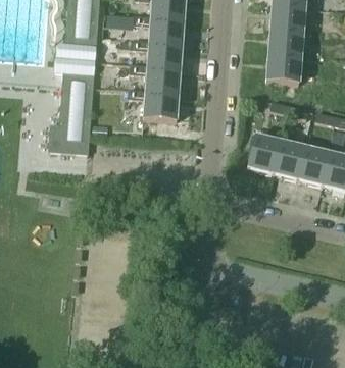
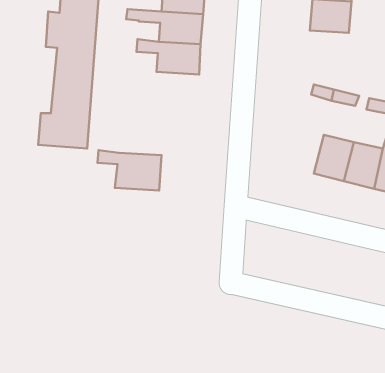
building: [267,57,301,85] -> none
building: [128,89,180,121] -> [97,150,162,190]
building: [248,136,281,173] -> none

